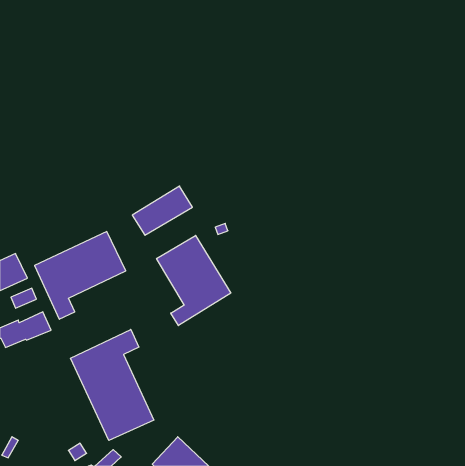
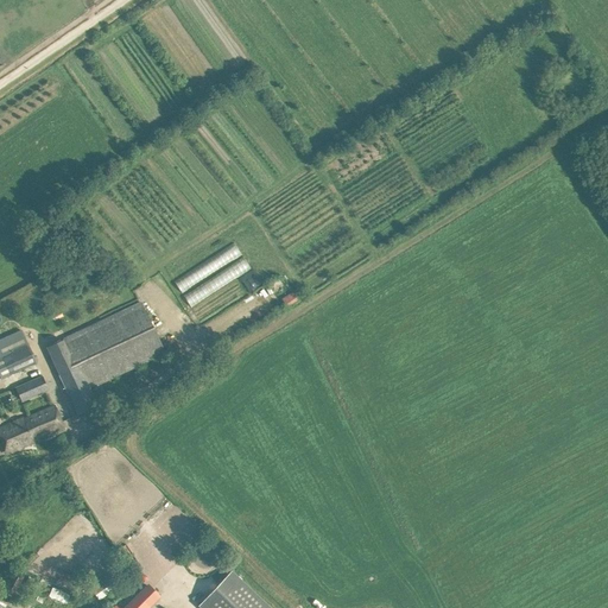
building: [157,235,231,326] -> none
building: [70,329,154,440] -> none

